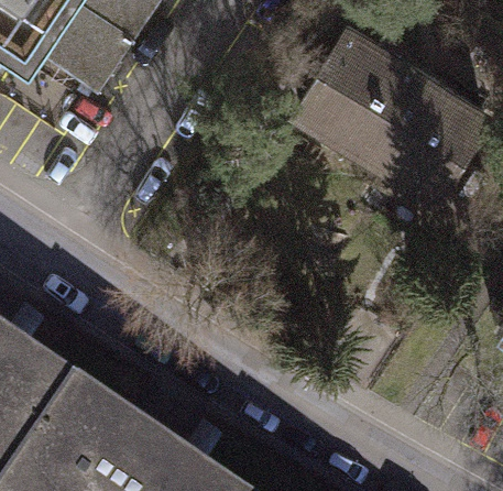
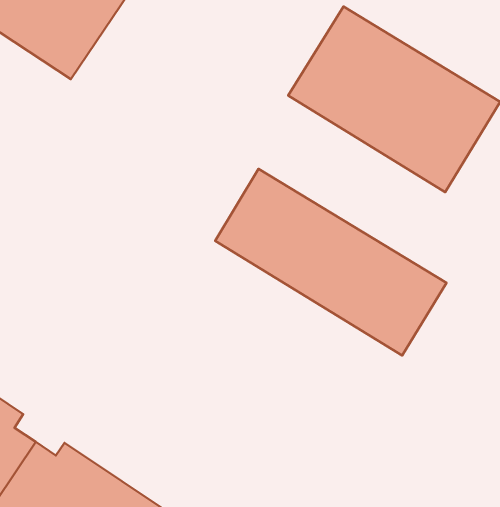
building: none -> [215,169,447,356]

